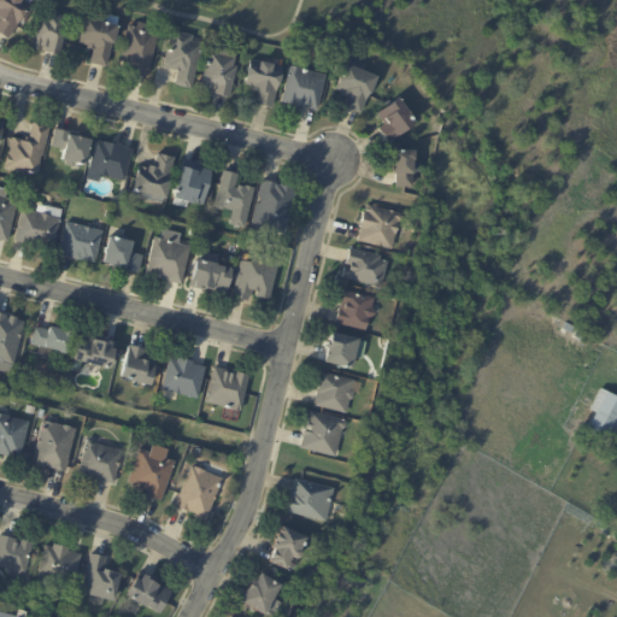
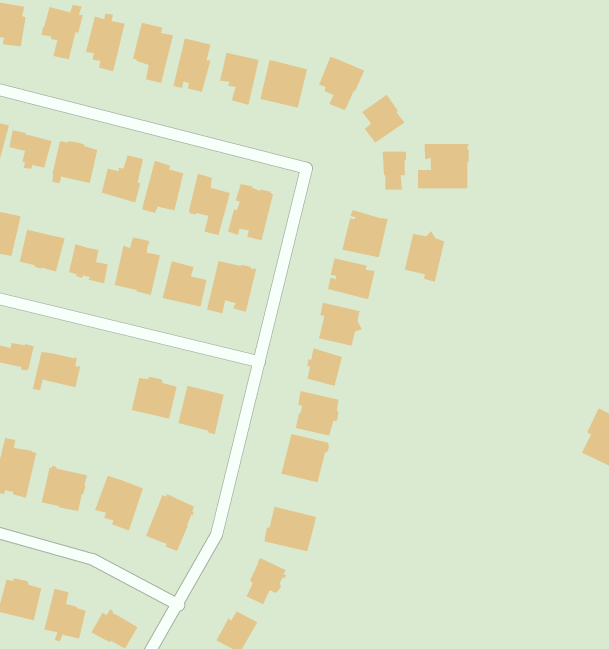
building: none -> [417,143,469,189]
building: none -> [404,230,445,282]
building: [121,345,154,383] -> none

